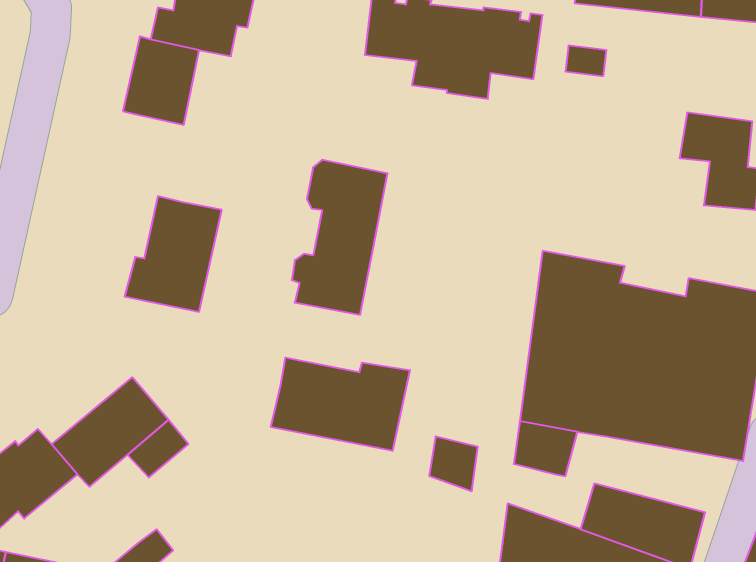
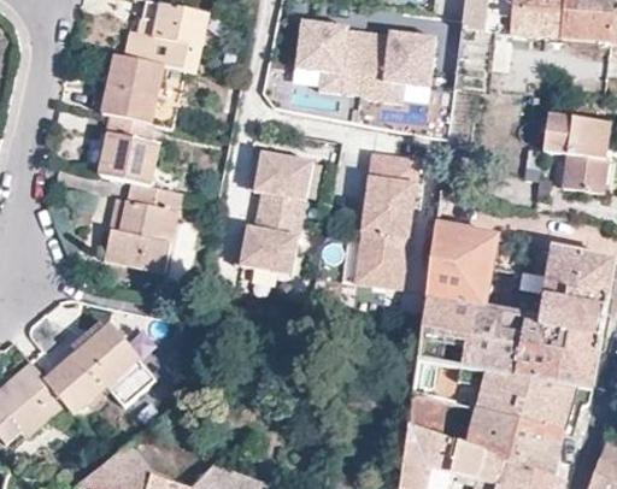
building: none -> [99,116,159,185]
building: none -> [358,154,417,272]
building: [271,358,410,451] -> none
building: [429,436,478,491] -> [407,393,446,436]
building: none -> [476,371,594,431]

